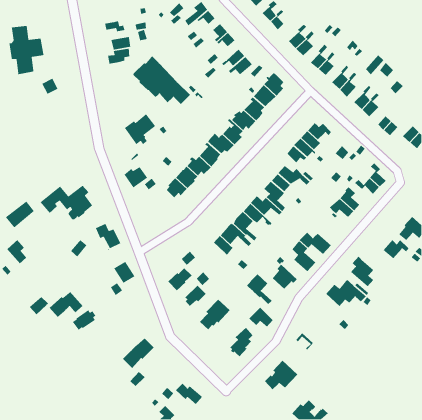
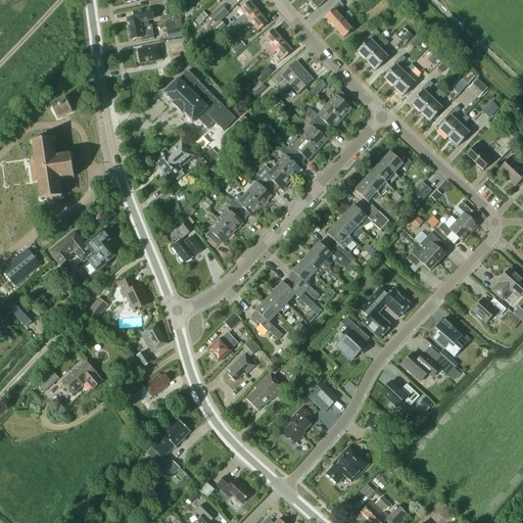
building: [9,24,46,76] -> [30,135,76,199]
building: [107,48,130,64] -> [127,8,155,29]
building: [123,166,148,188] -> [170,235,200,263]
building: [246,273,272,305] -> [249,300,282,339]
building: none -> [381,379,419,406]
building: [72,309,97,331] -> [139,372,170,398]

